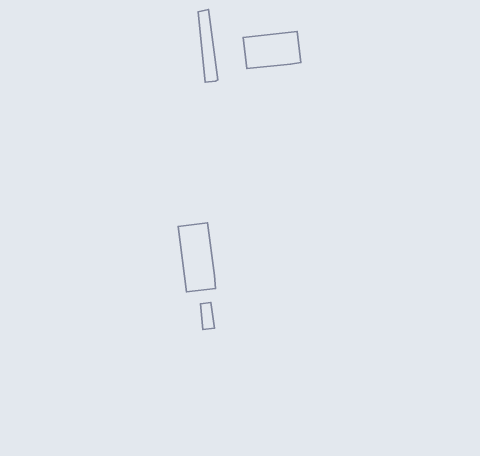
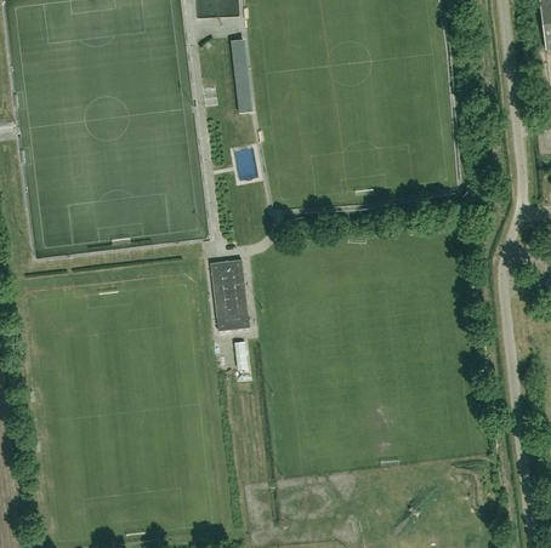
building: [243,31,301,69] -> none

